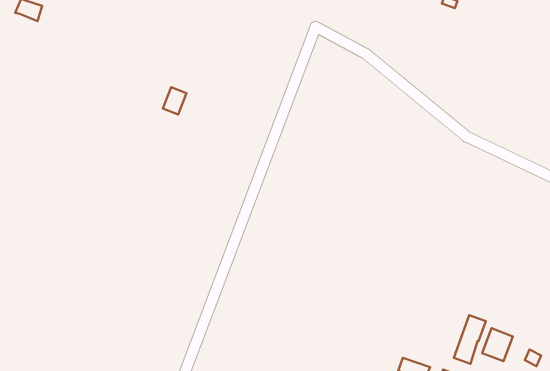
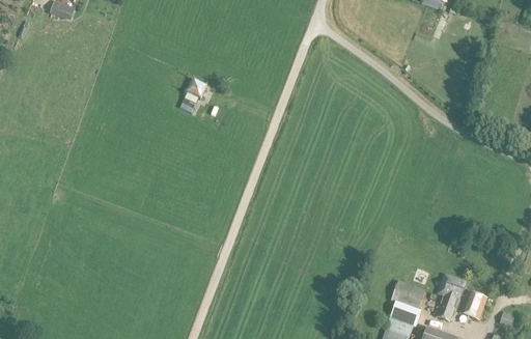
building: none -> [391,279,426,309]

